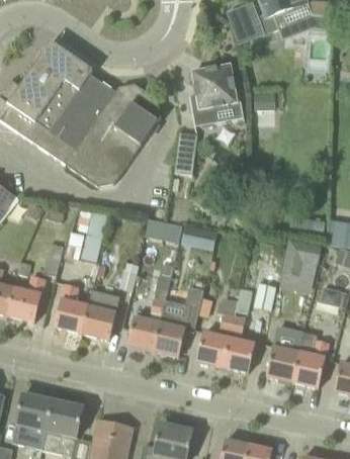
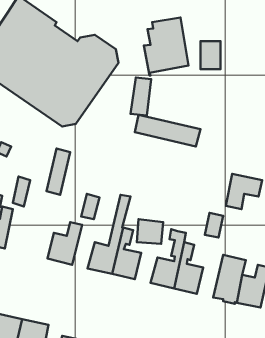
building: [145,214,217,250] -> [135,115,200,147]
building: [55,283,89,333] -> none

